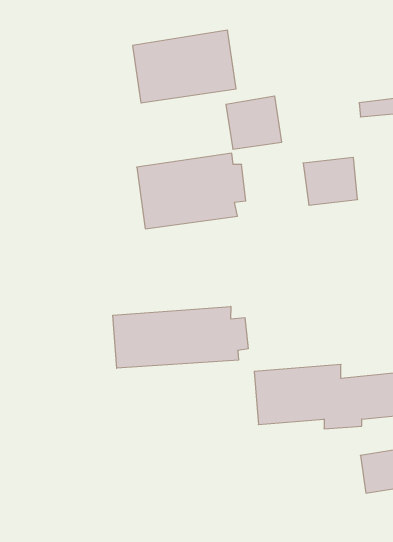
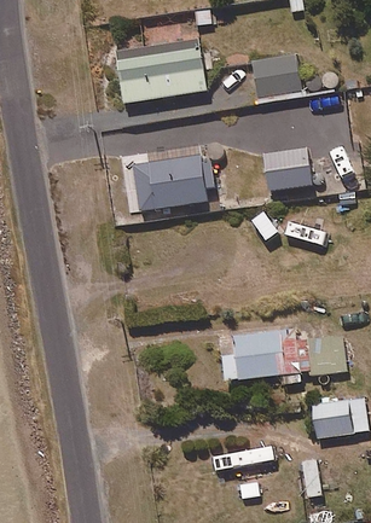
building: [226,96,282,149] -> [253,54,301,100]
building: [113,306,248,368] -> none

